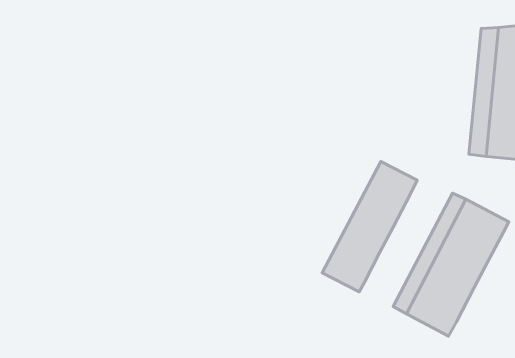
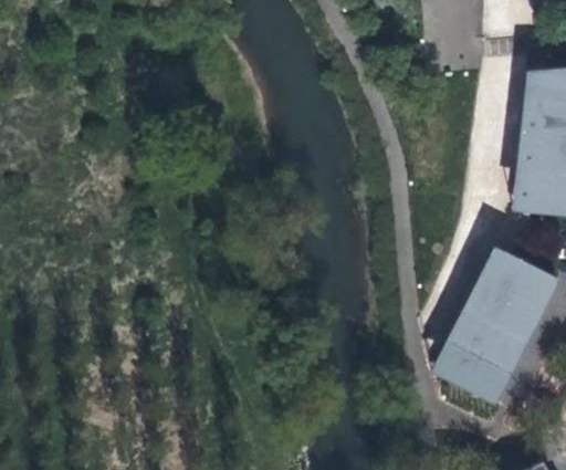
building: [322,162,417,292] -> none

